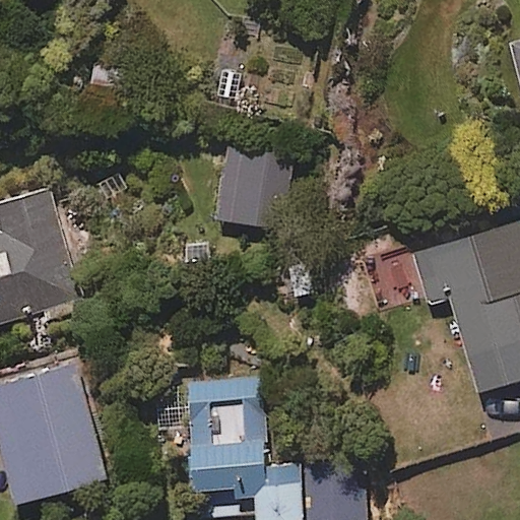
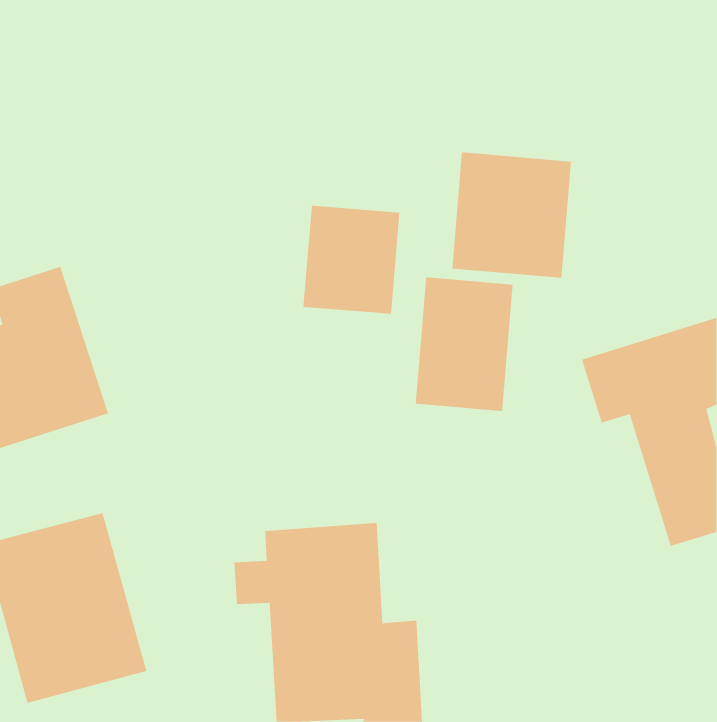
building: none -> [452,152,572,279]
building: none -> [415,277,513,412]

